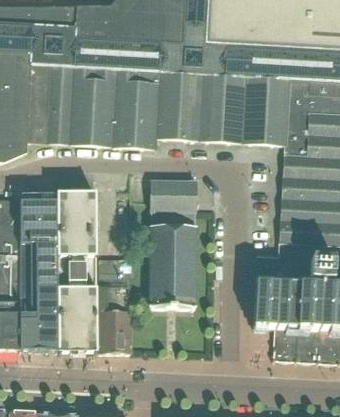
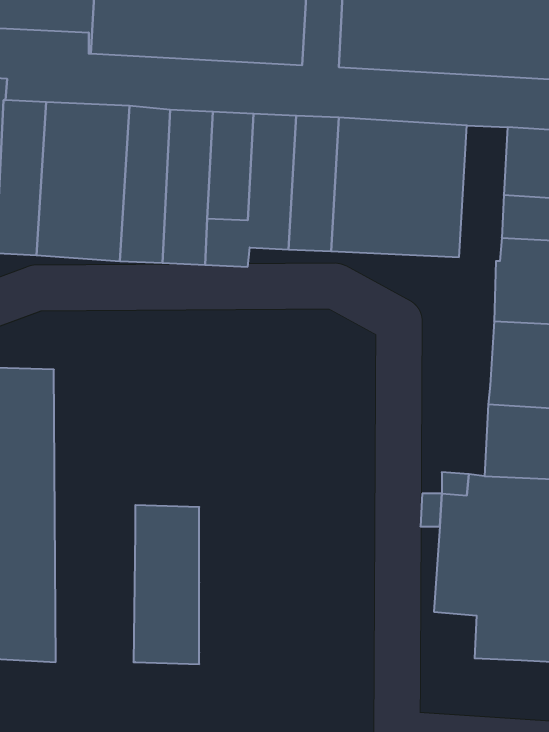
building: [265,76,290,146] -> none
building: [149,180,196,309] -> none
building: [56,193,96,353] -> none

